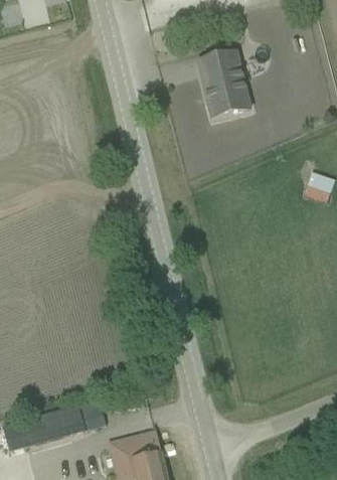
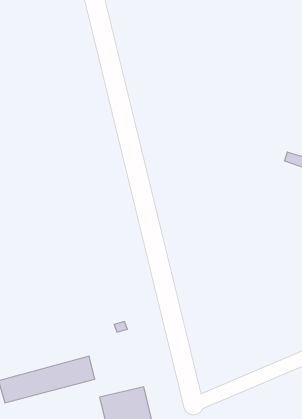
building: [199,50,248,117] -> none

